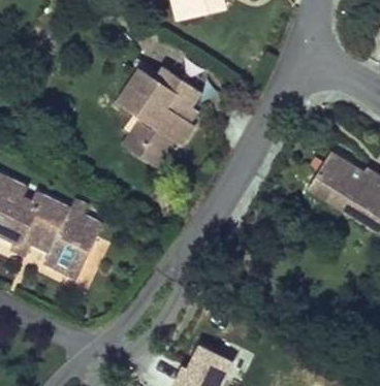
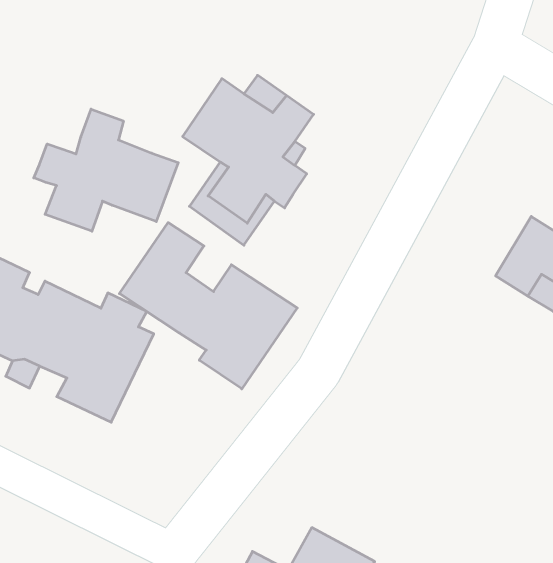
building: none -> [34,109,178,231]
building: none -> [119,223,297,389]

